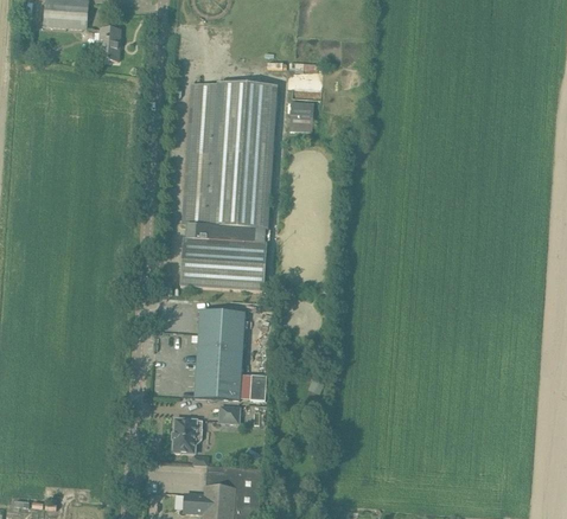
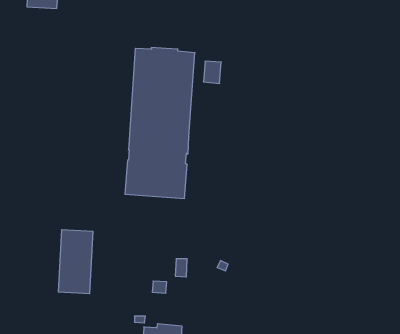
building: [98,27,121,60] -> none
building: [195,310,243,399] -> [58,230,93,294]
building: [172,418,200,453] -> none

